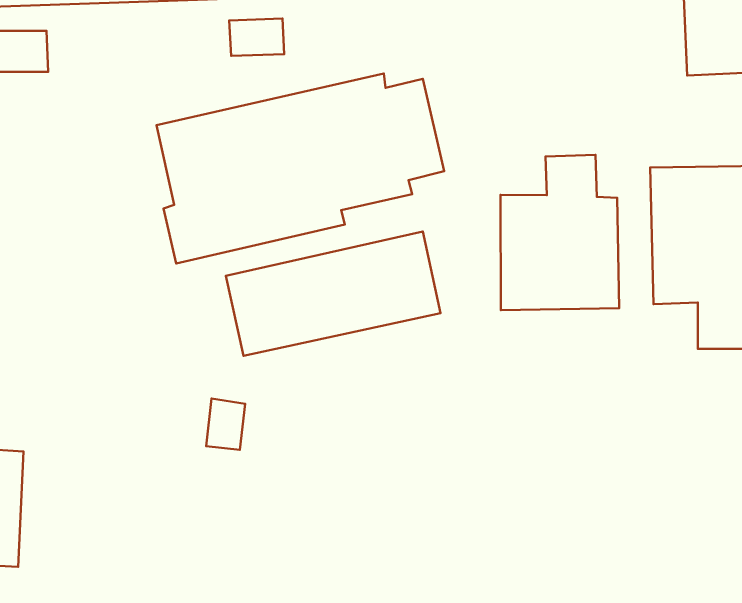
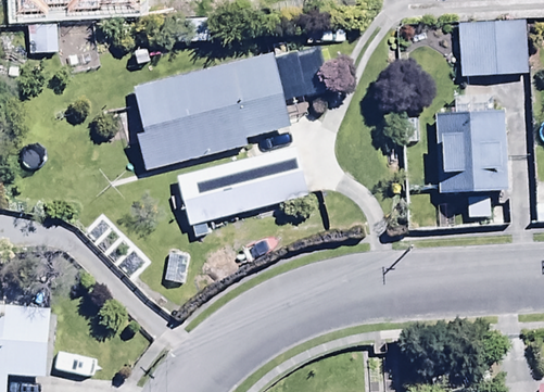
building: [501,155,619,310] -> none

